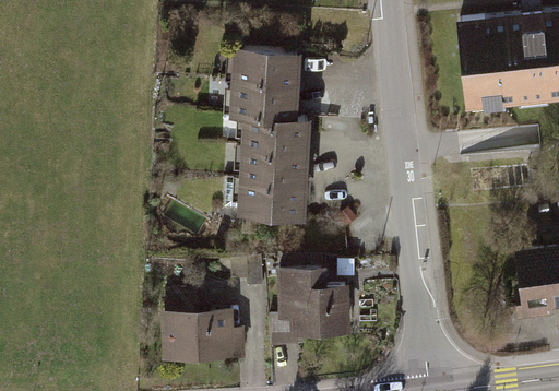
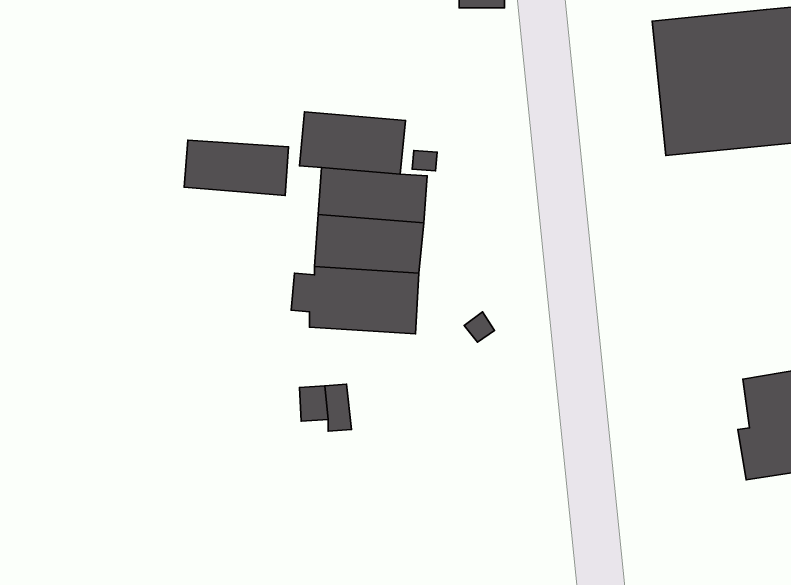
building: [234,48,301,84] -> [184,140,288,196]
building: [270,270,352,346] -> none
building: [160,287,245,362] -> none

